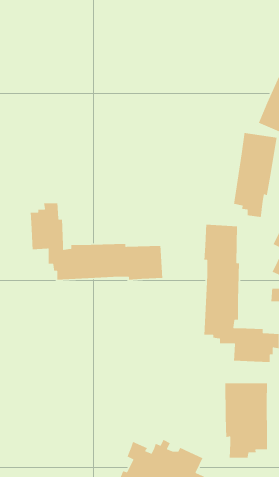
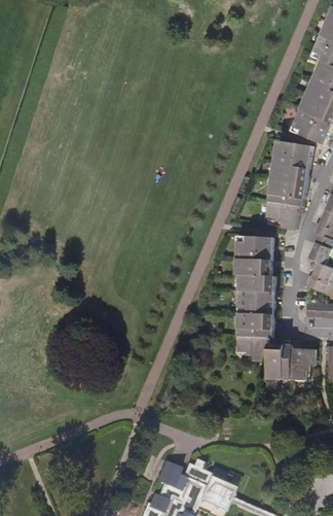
building: [30,203,163,281] -> none
building: [224,383,268,459] -> none

